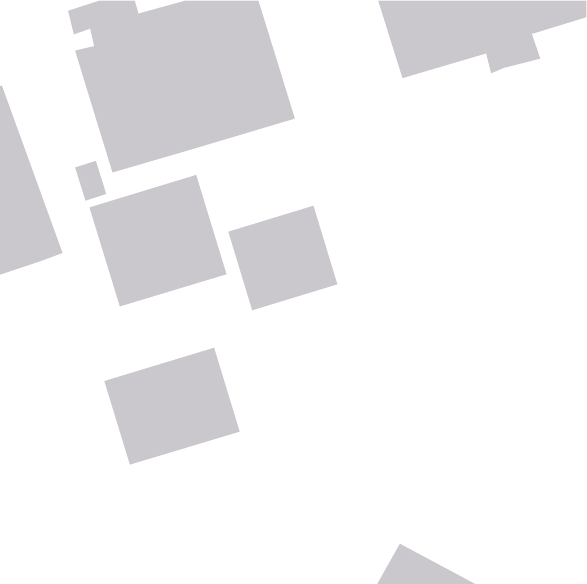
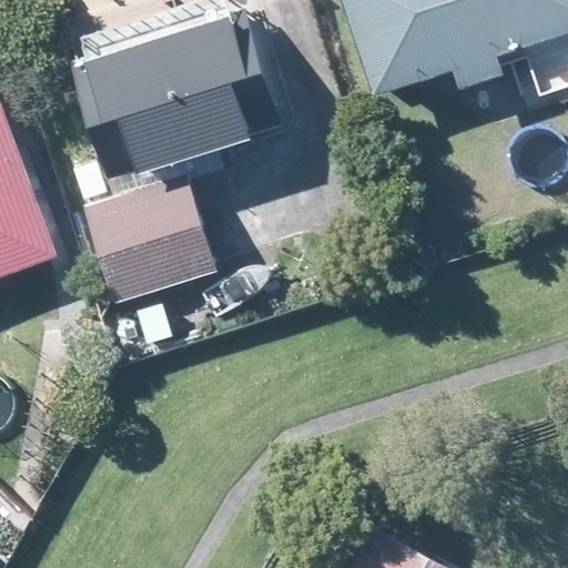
building: [227,205,338,311] -> none
building: [104,347,240,466] -> none

